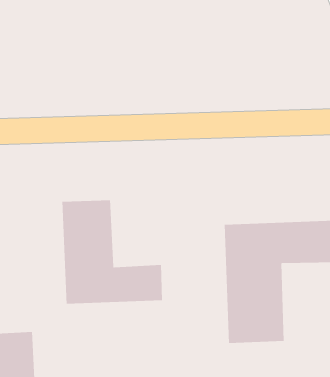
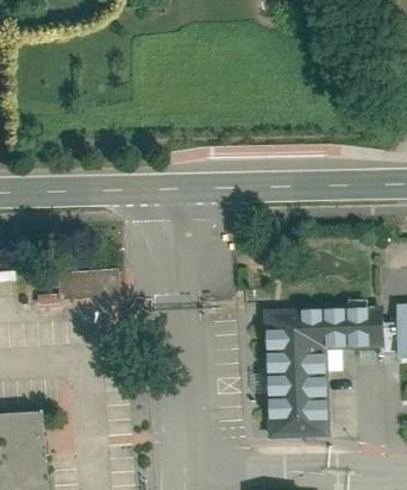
building: [62,199,162,304] -> none

